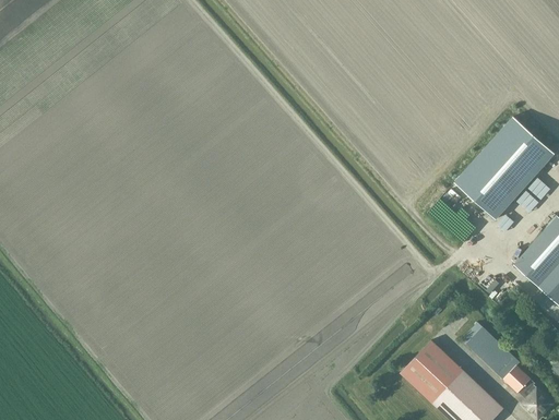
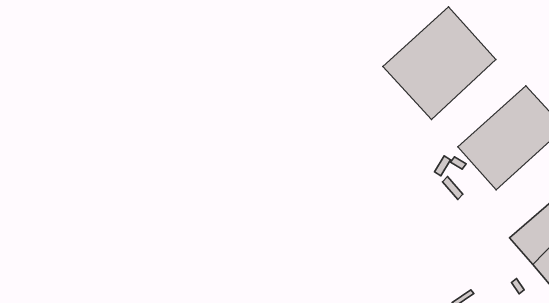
building: none -> [383,7,496,119]

